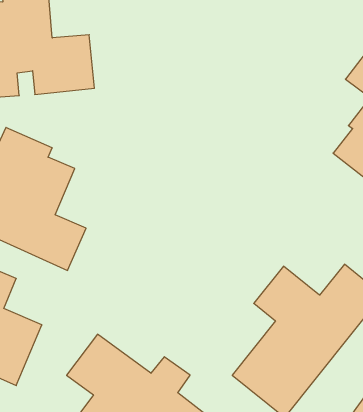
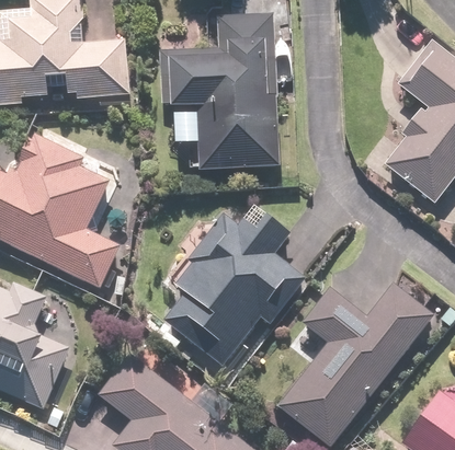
building: none -> [161,14,278,169]
building: none -> [163,200,308,365]

